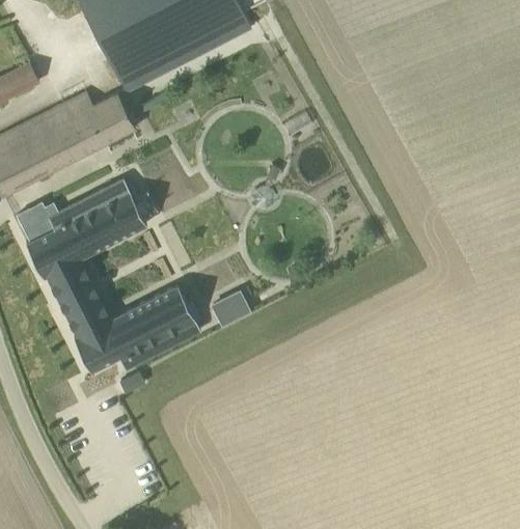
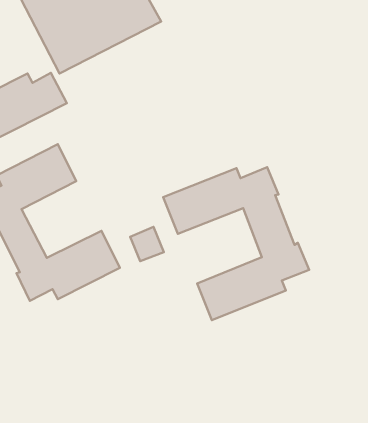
building: none -> [163,167,309,320]

